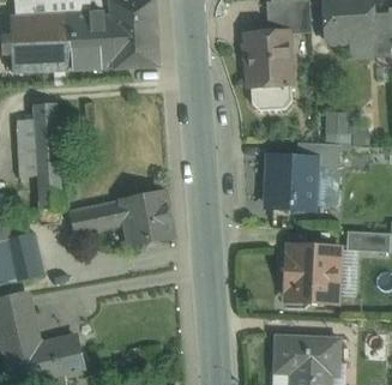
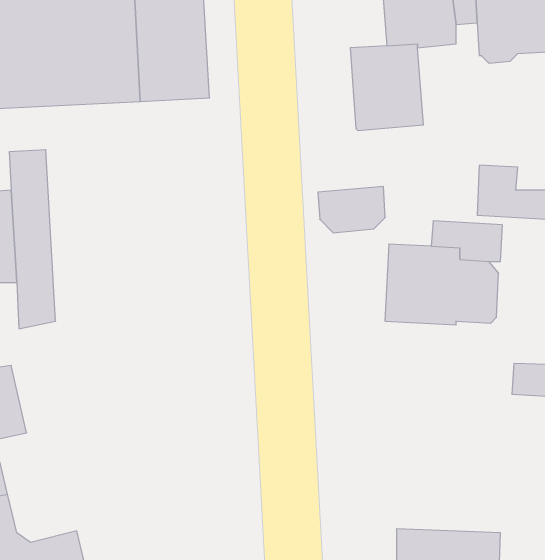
building: [249,82,291,110] -> [318,187,385,233]
building: [71,190,171,245] -> none
building: [285,243,338,301] -> none

